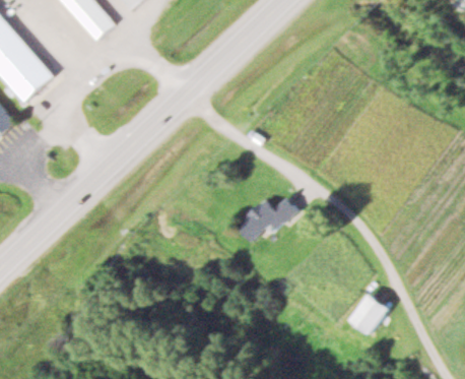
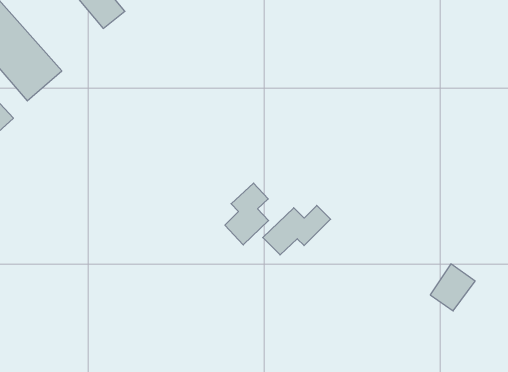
building: none -> [225,183,269,245]
building: [348,292,388,333] -> [430,264,475,311]

